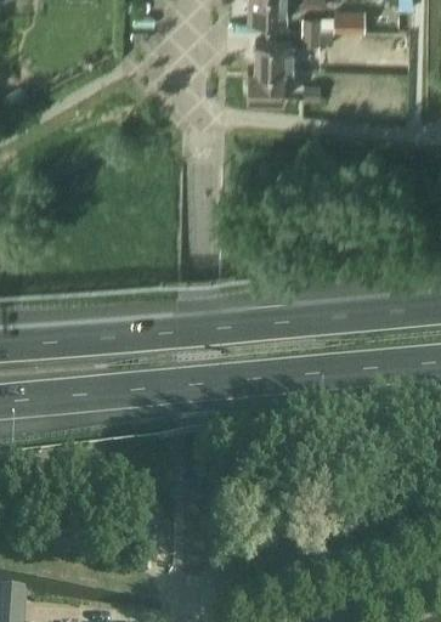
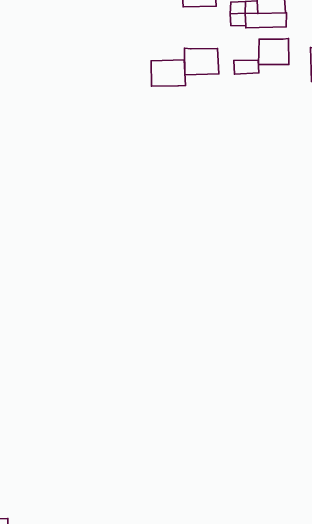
building: [258,39,296,69] -> [151,60,185,86]
building: none -> [259,38,289,65]

